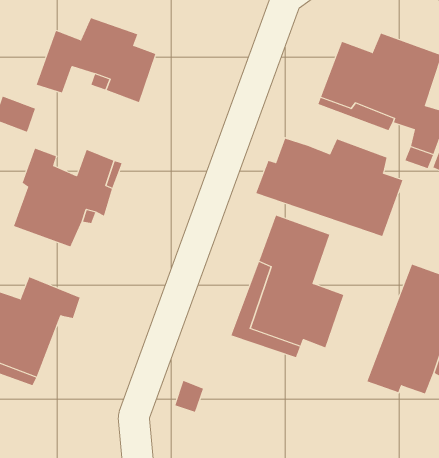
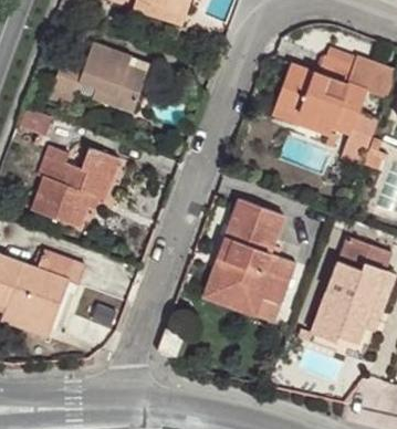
building: [256,138,403,237] -> none

